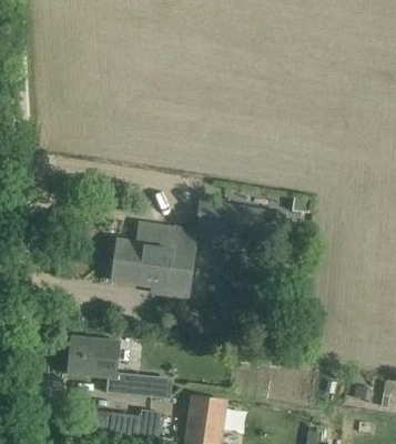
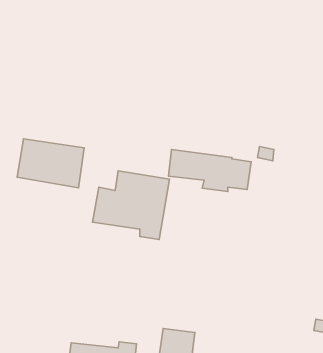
building: none -> [17,139,84,188]
building: [69,336,154,395] -> none

